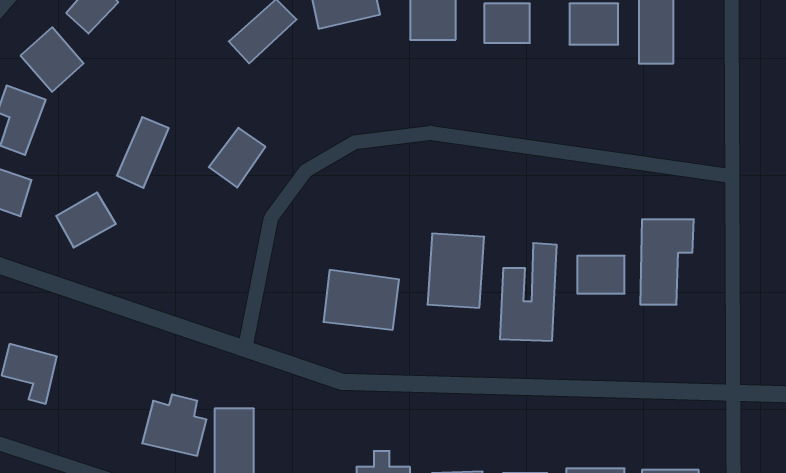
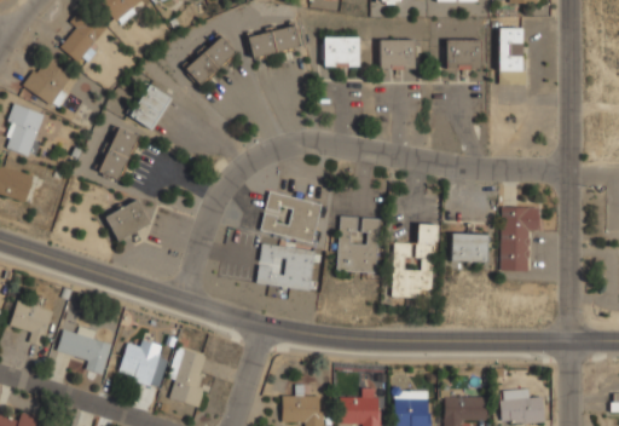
building: [209,128,265,188] -> [128,84,172,129]
building: [56,192,116,248] -> [105,198,151,241]
building: none -> [260,191,323,242]
building: none -> [57,323,110,373]

